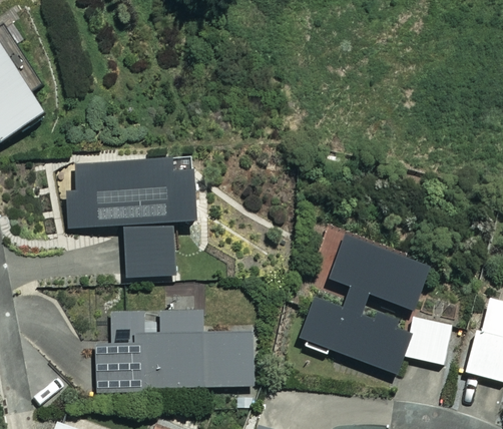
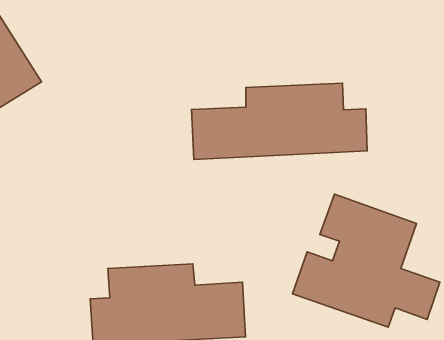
building: none -> [191,83,367,160]
building: [69,158,193,277] -> none

